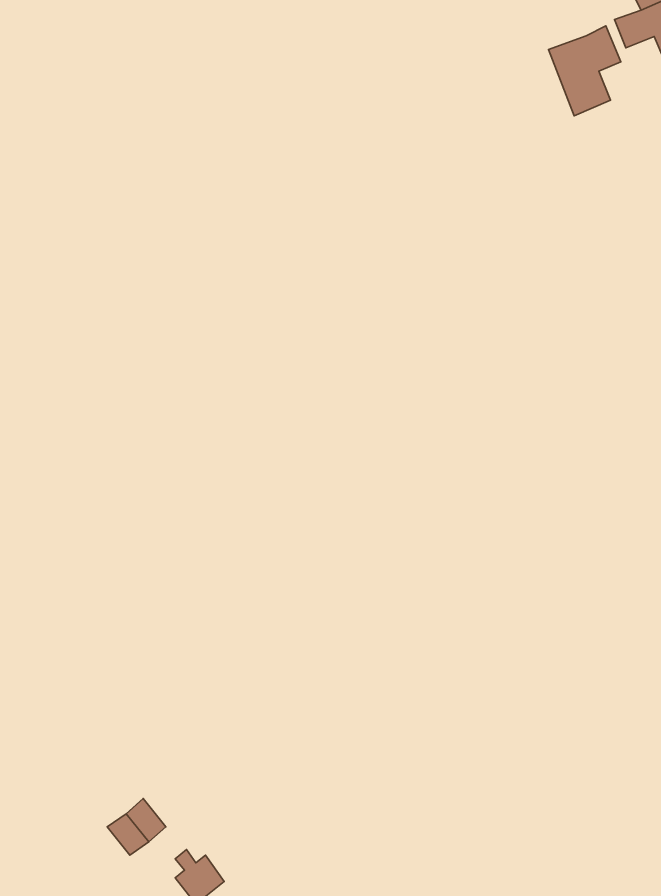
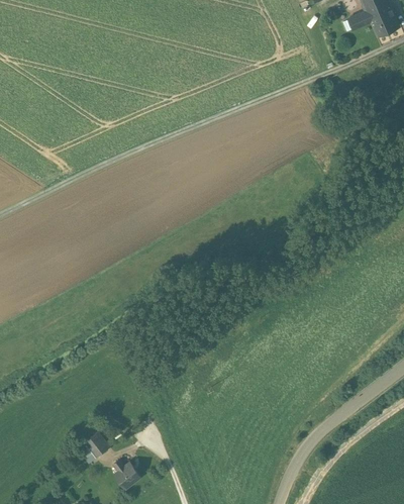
building: [548,26,621,116] -> none

